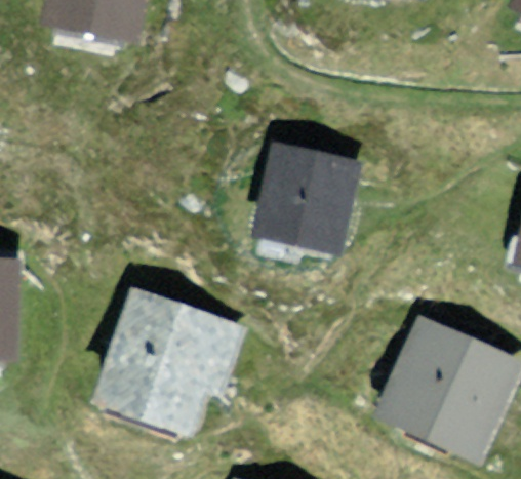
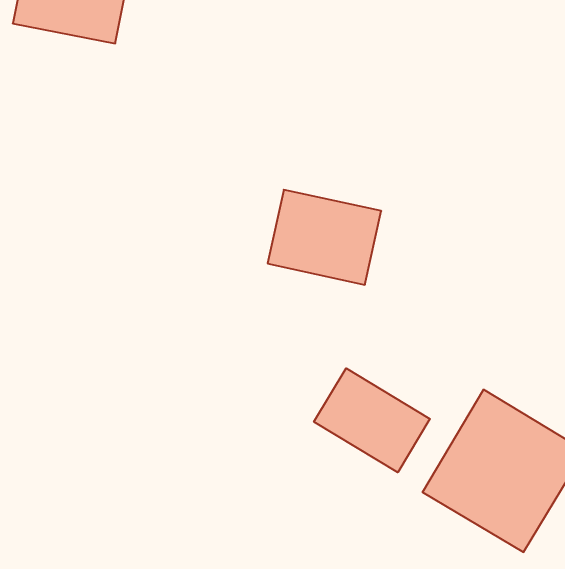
building: none -> [314,368,430,472]
building: [98,309,216,421] -> none

